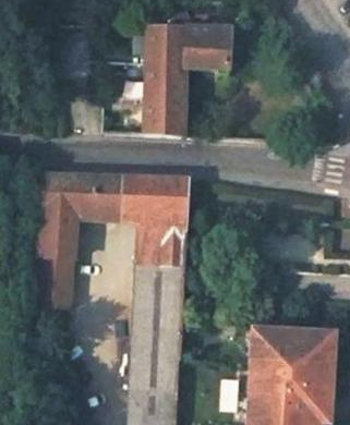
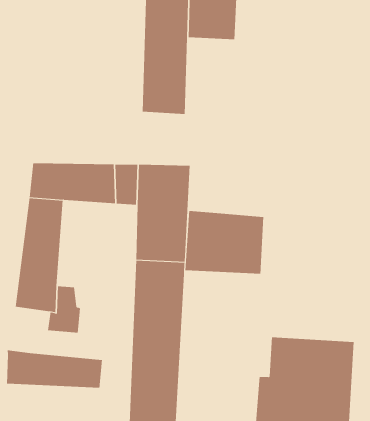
building: none -> [185,210,264,275]
building: none -> [7,350,103,389]

